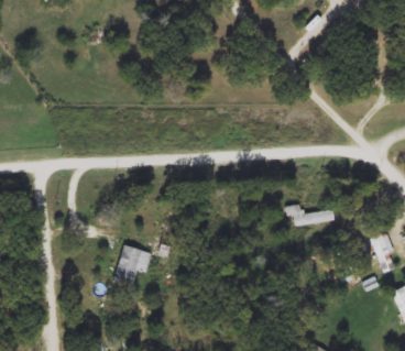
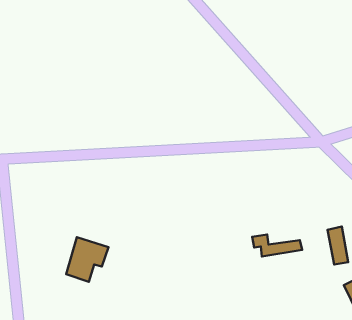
building: [283,205,333,227] -> [252,235,302,256]

